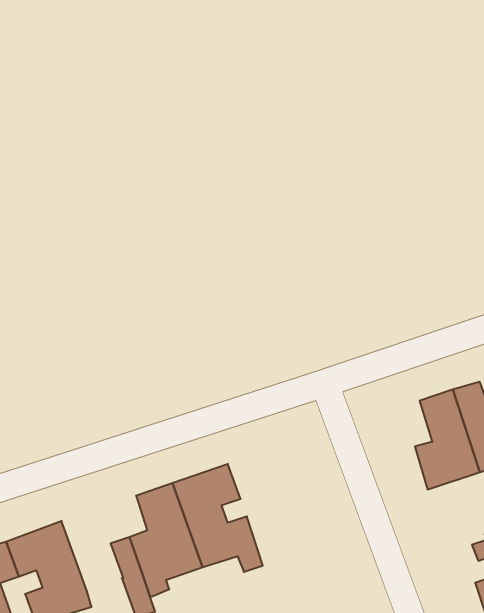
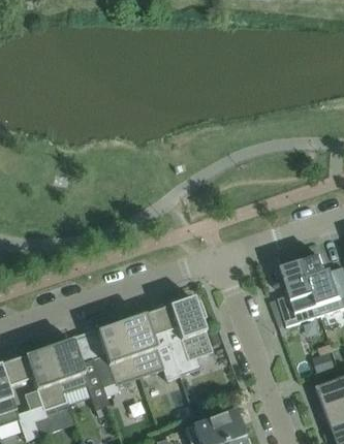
building: none -> [156,295,212,375]
building: none -> [48,338,88,391]

